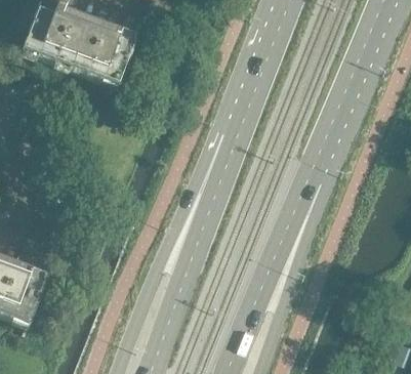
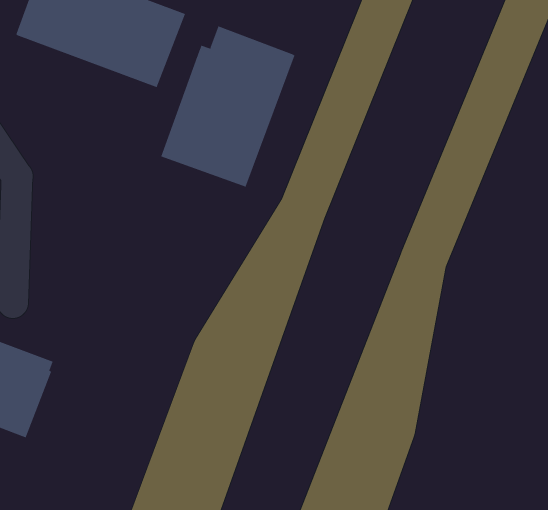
building: none -> [160,25,295,187]

